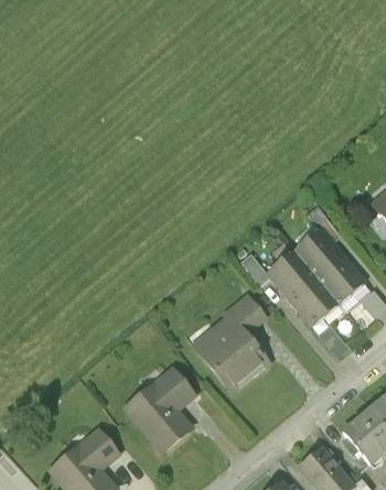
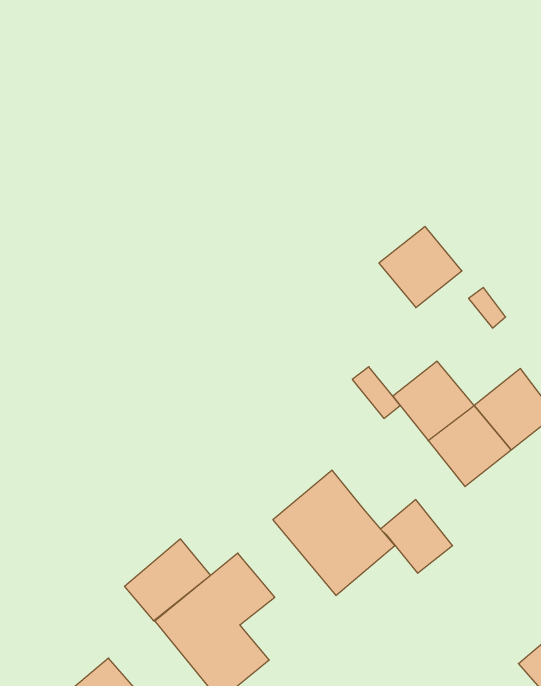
building: [292,228,342,276] -> [379,226,462,308]
building: [226,294,269,338] -> [381,500,453,573]
building: none -> [125,539,210,621]

